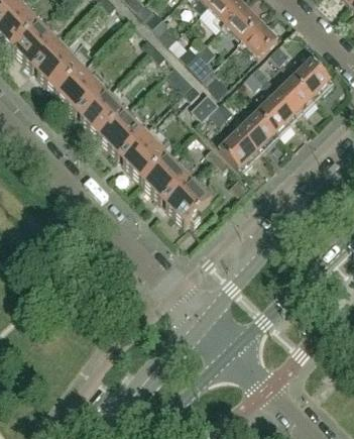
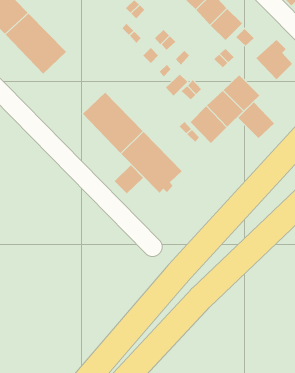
building: [55,67,124,135] -> none
building: [272,74,314,115] -> [237,102,275,139]
building: none -> [114,164,144,194]

